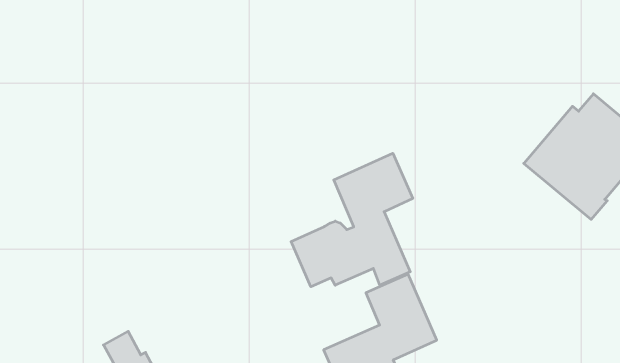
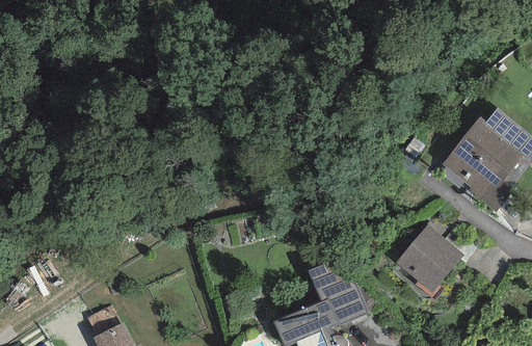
building: [291,153,413,287] -> none
building: none -> [395,225,462,293]

